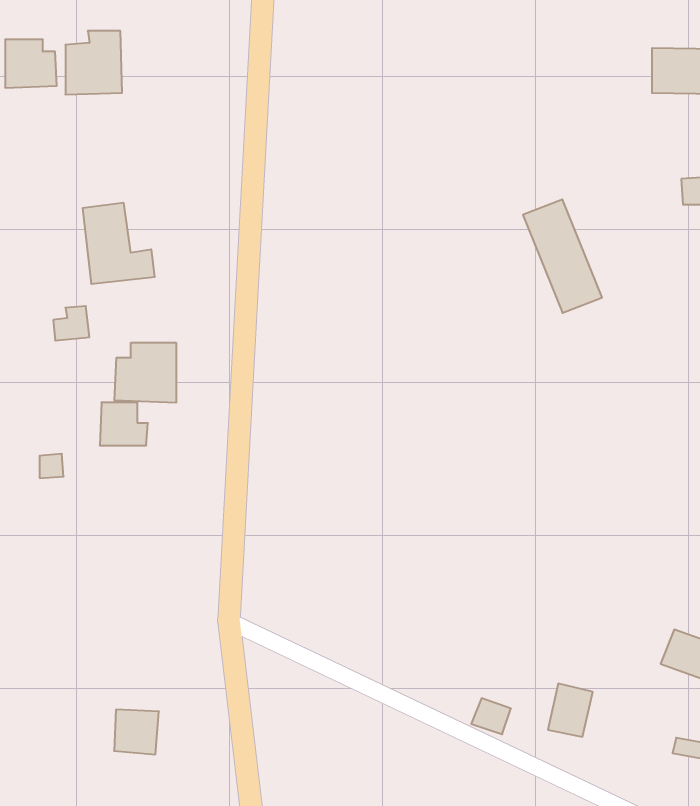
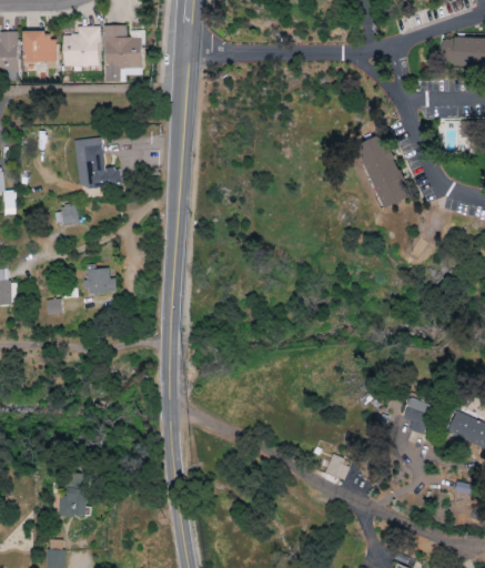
building: none -> [104,24,142,82]
building: [115,343,176,403] -> none
building: [548,683,593,737] -> [403,398,432,433]
building: [114,710,159,754] -> [59,489,88,518]

